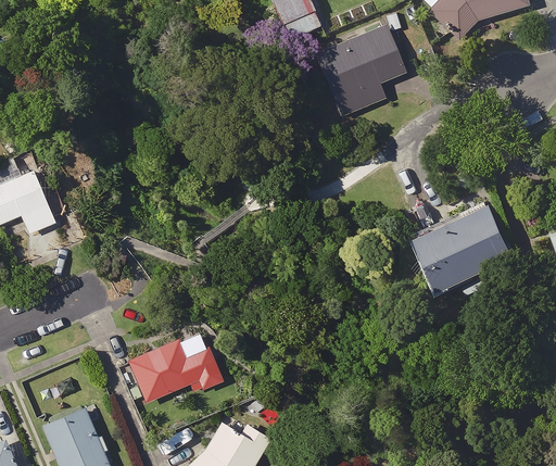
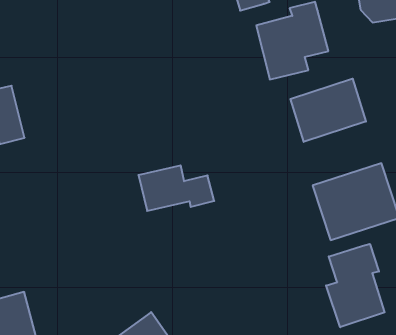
building: none -> [290,79,366,142]
building: none -> [326,244,385,327]
building: [128,341,223,401] -> [138,165,214,211]

